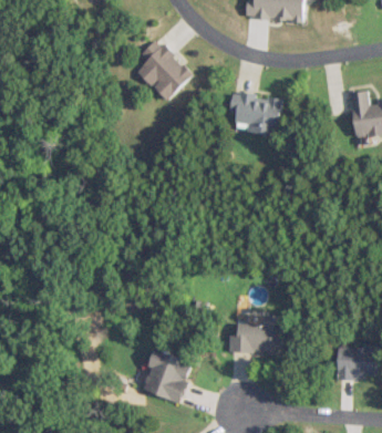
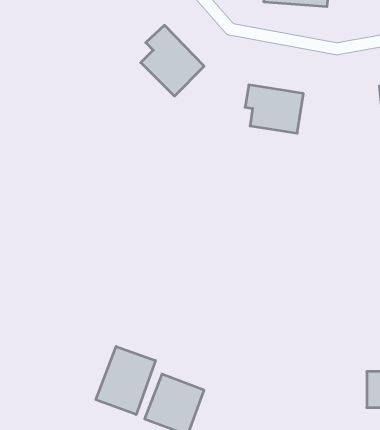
building: [229,316,282,354] -> none
building: none -> [96,346,155,415]

